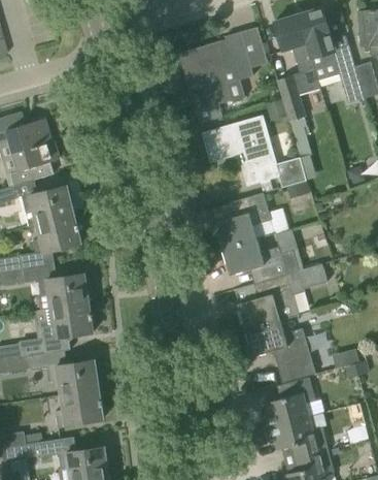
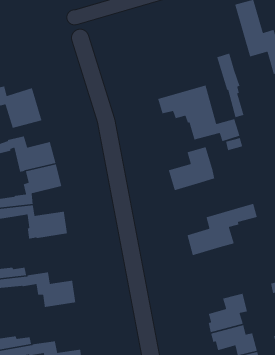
building: [274,13,319,96] -> none
building: [179,27,267,110] -> none
building: [222,238,298,281] -> none
building: [44,302,93,341] -> none
building: [245,320,315,382] -> none
building: [54,389,103,427] -> none

